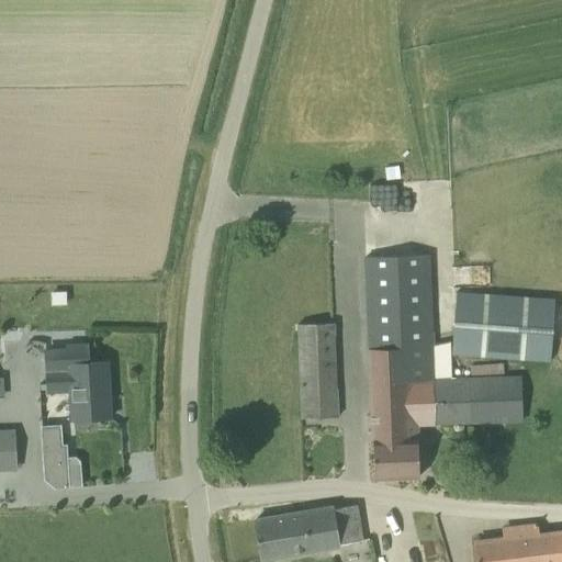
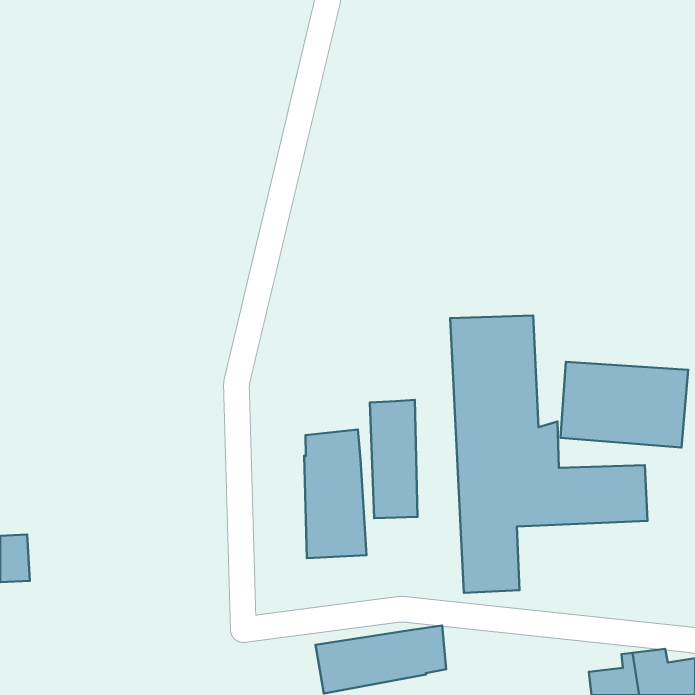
building: [45,345,111,431] -> none
building: none -> [304,430,367,558]
building: [41,425,69,488] -> none

